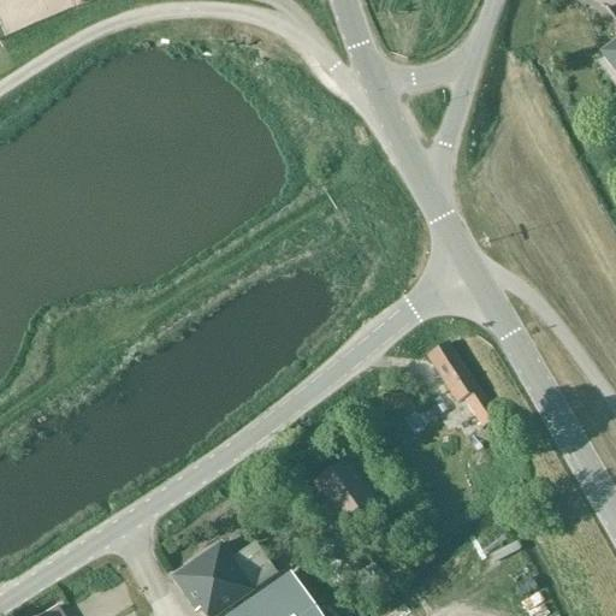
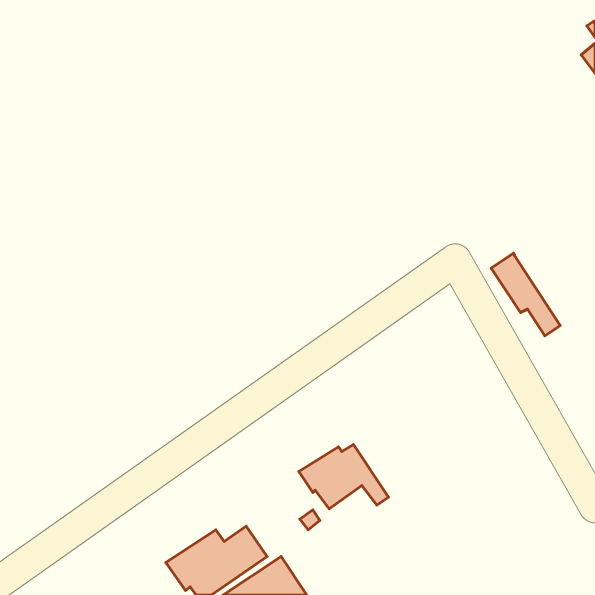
building: [426,343,497,428] -> [491,253,560,336]

